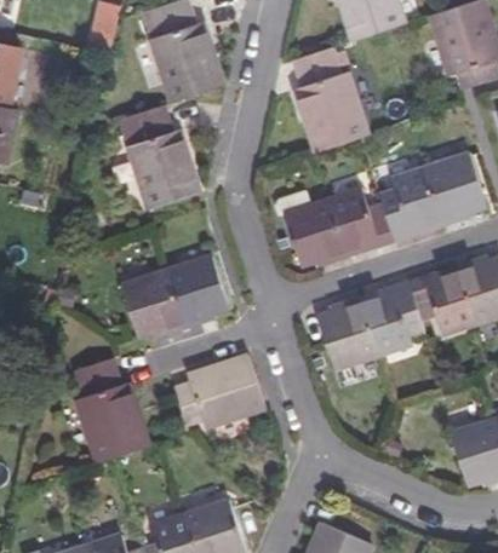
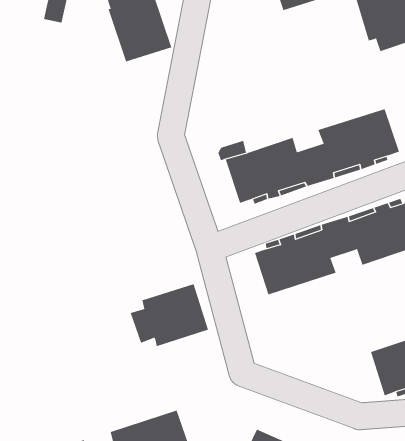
building: [294,48,368,151] -> none
building: [127,105,201,208] -> none
building: [122,254,230,335] -> none
building: [76,357,151,461] -> none

